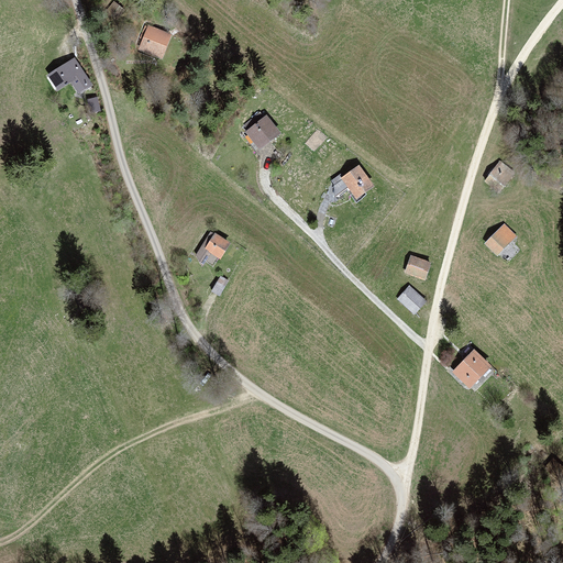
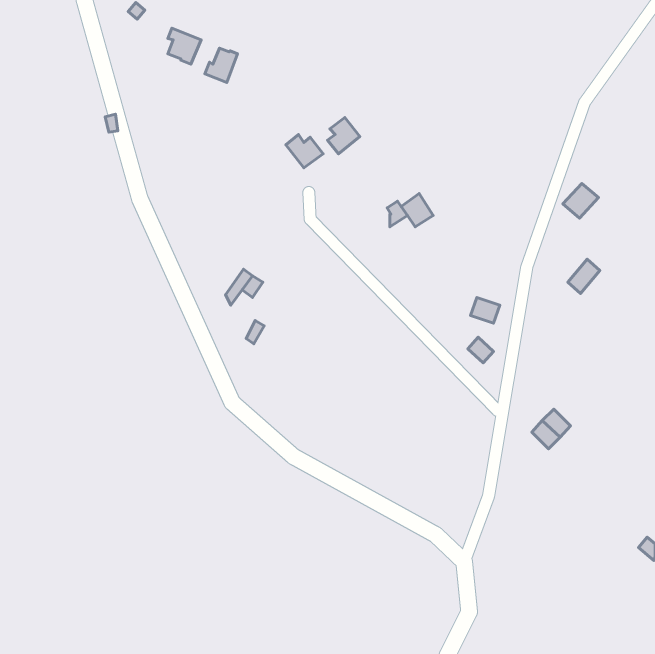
building: none -> [205,48,238,83]
building: [53,60,93,93] -> none
building: none -> [328,117,360,154]

